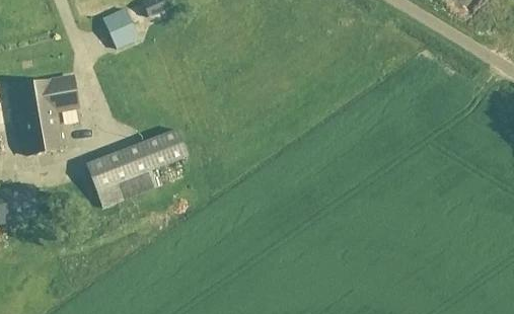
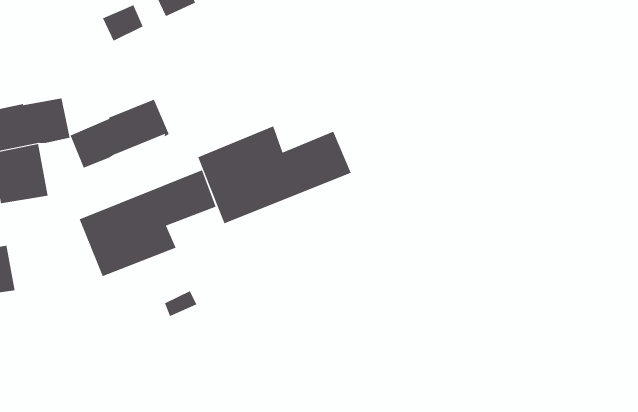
building: none -> [70,99,169,169]
building: none -> [198,126,352,224]

